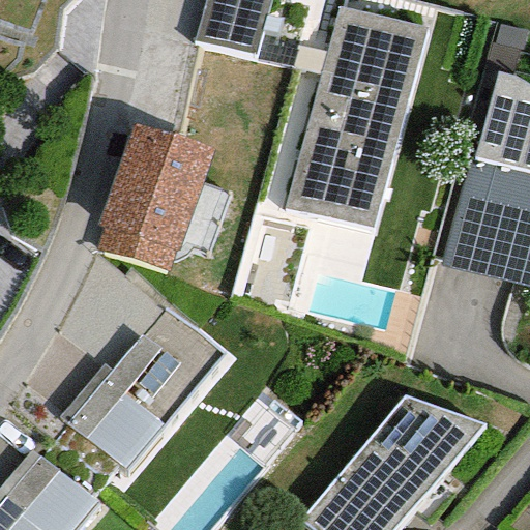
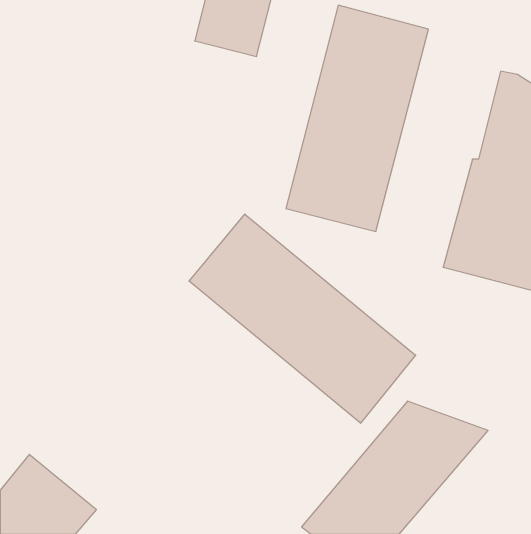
building: [98,122,214,271] -> none
building: none -> [189,214,416,423]
building: [61,311,223,471] -> none

